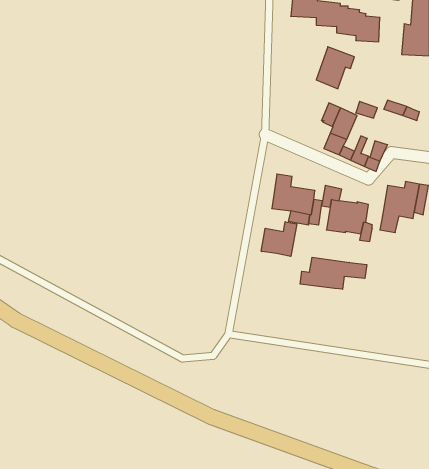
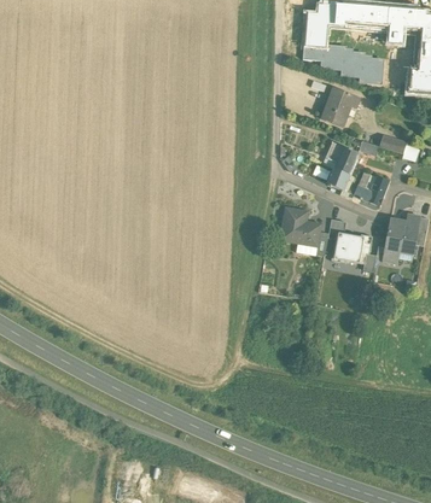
building: [261,222,297,256] -> none
building: [300,257,367,289] -> none

